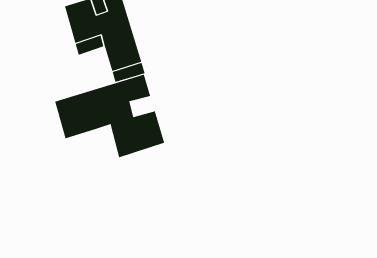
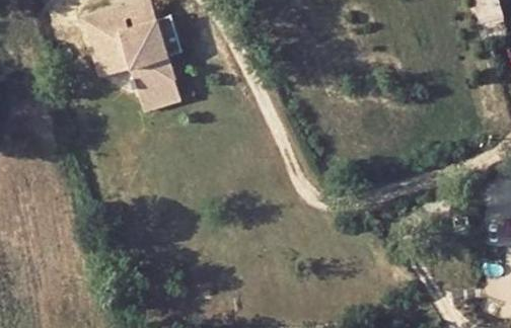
building: [54,74,165,158] -> none

